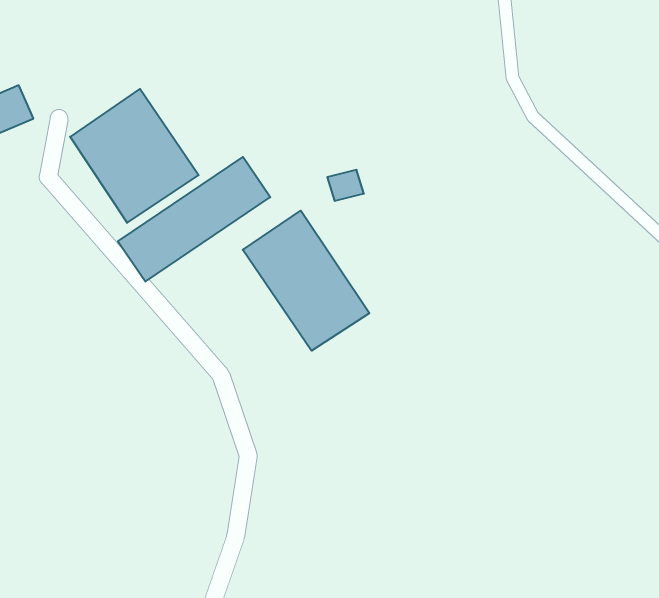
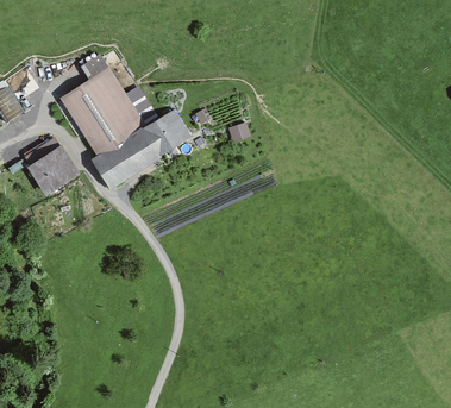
building: none -> [20,137,76,195]
building: [243,211,369,351] -> none

